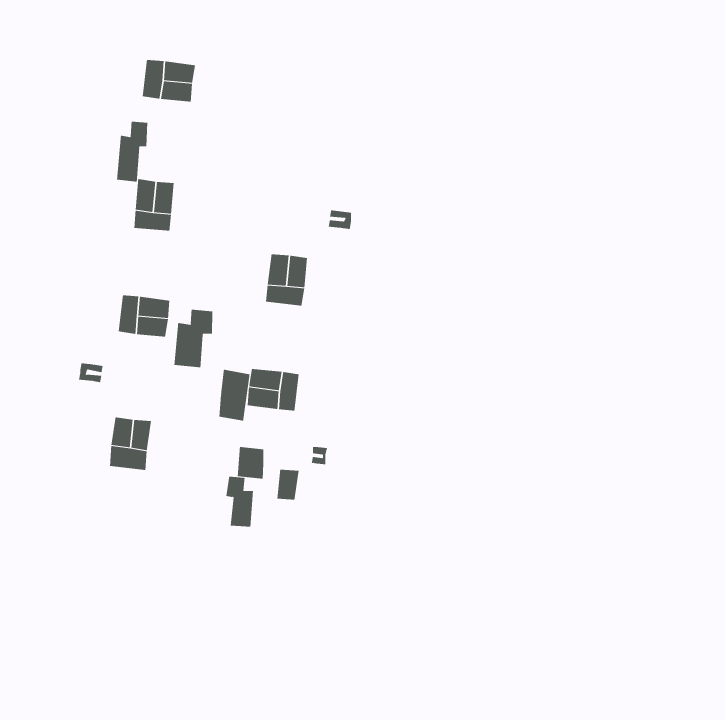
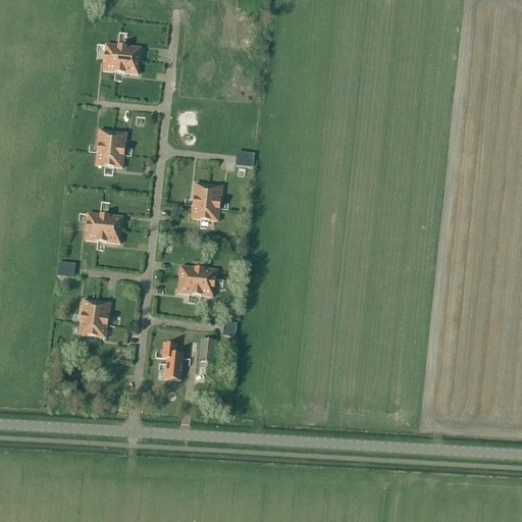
building: [116,121,148,182] -> none
building: [174,309,213,368] -> none
building: [219,369,250,422] -> none
building: [237,446,264,480] -> none

